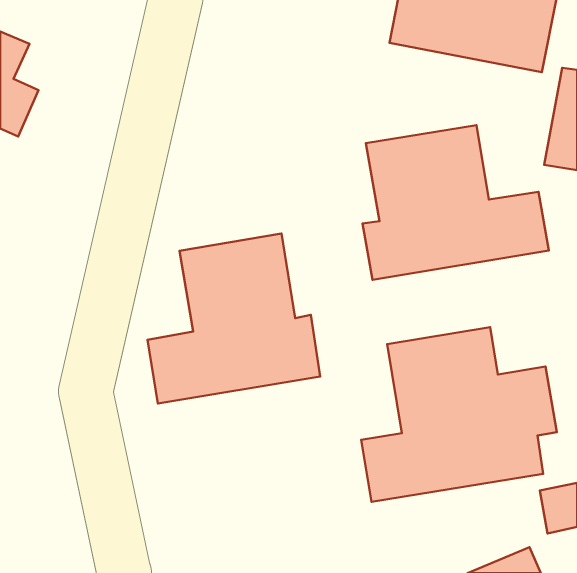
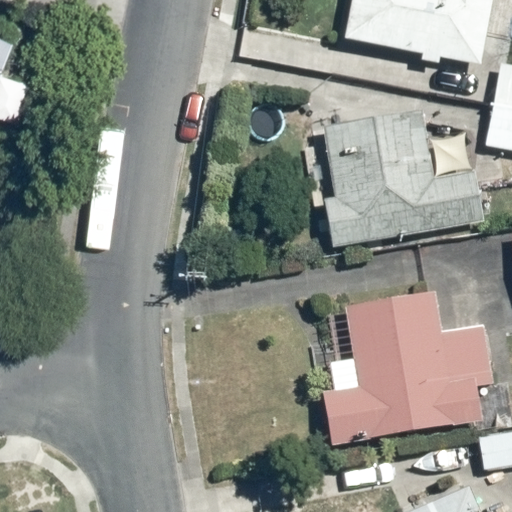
building: [147,233,320,404] -> none

